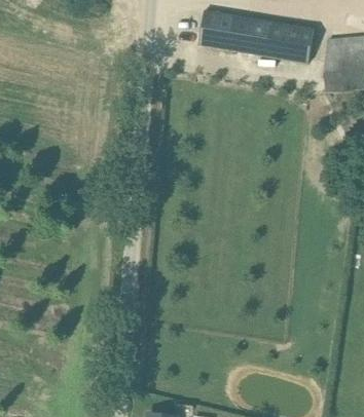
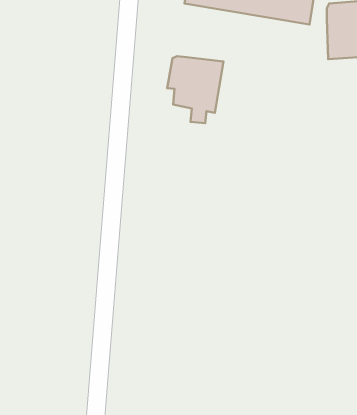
building: none -> [167,56,223,123]

